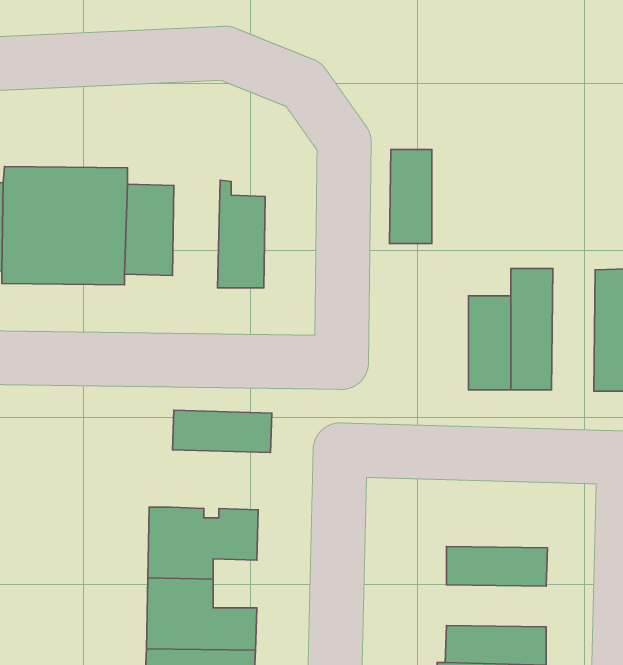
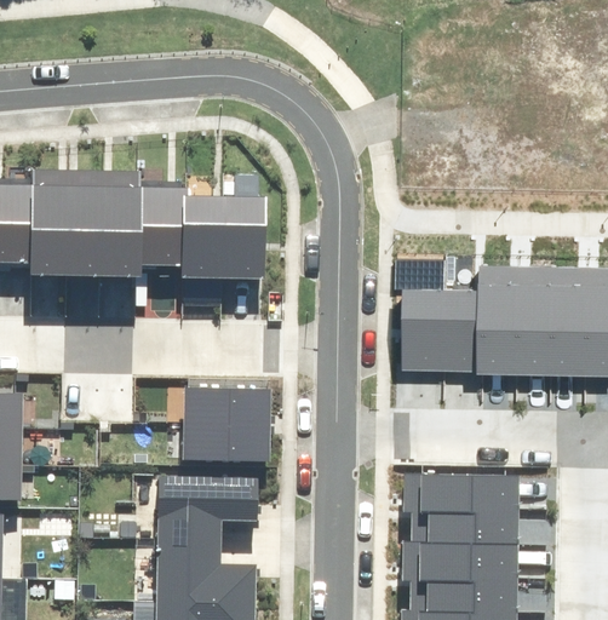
building: [390,150,432,244] -> [406,287,443,371]
building: none -> [180,184,223,280]
building: none -> [517,263,556,372]
building: none -> [180,424,268,461]
building: none -> [417,473,514,511]
building: none -> [415,542,512,581]

